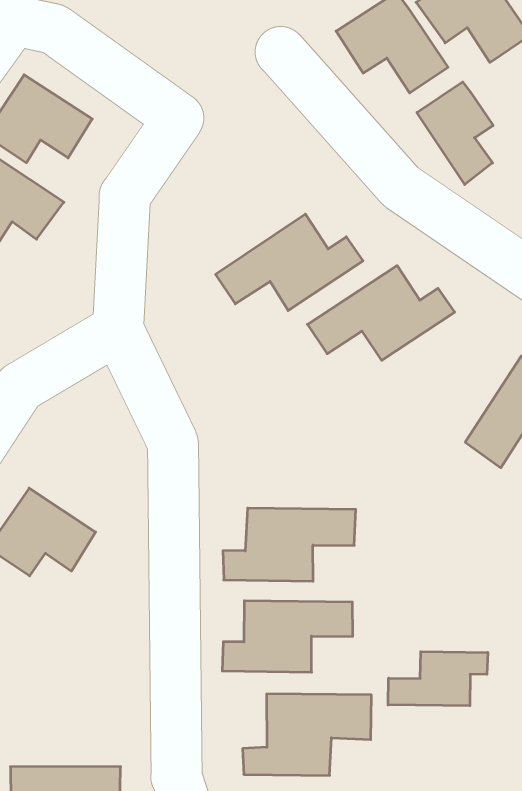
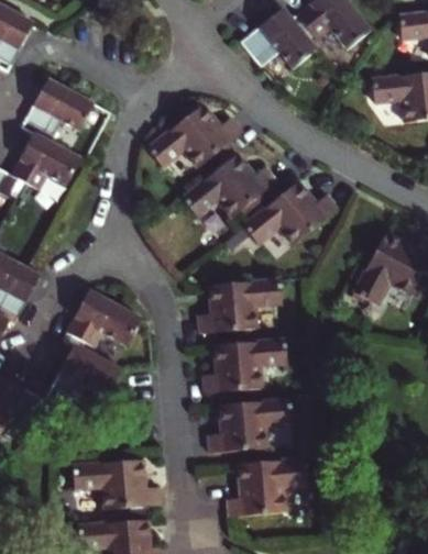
building: [417,82,493,185] -> none
building: none -> [147,104,241,167]
building: none -> [66,292,140,350]
building: none -> [198,280,279,333]
building: [388,652,488,706] -> none
building: none -> [74,463,161,511]

